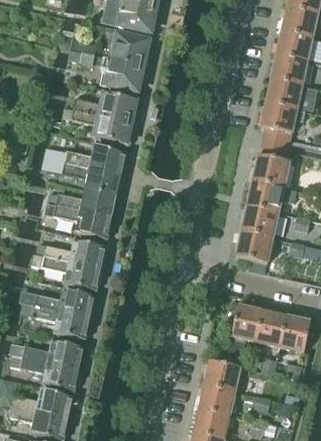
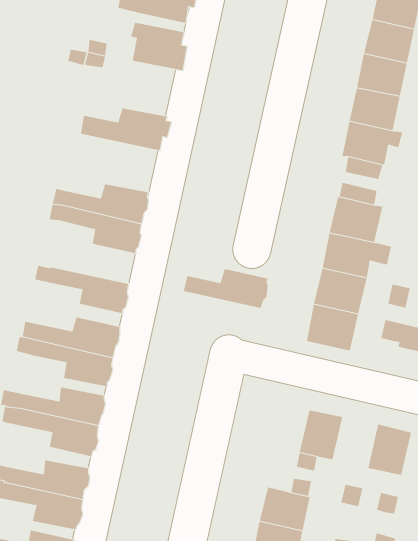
building: [103,60,148,92] -> none
building: [62,109,134,144] -> none
building: [55,189,115,217] -> [183,268,268,308]
building: [254,311,286,347] -> none

